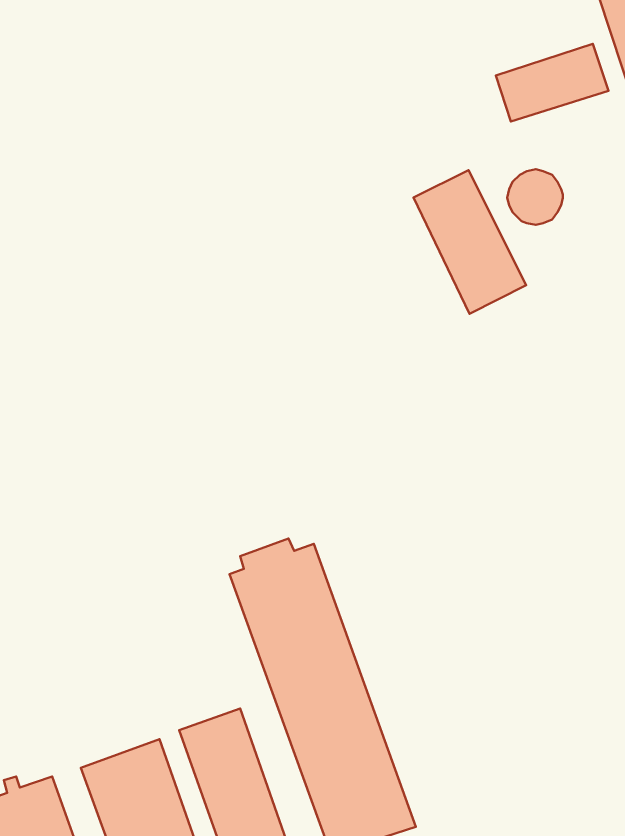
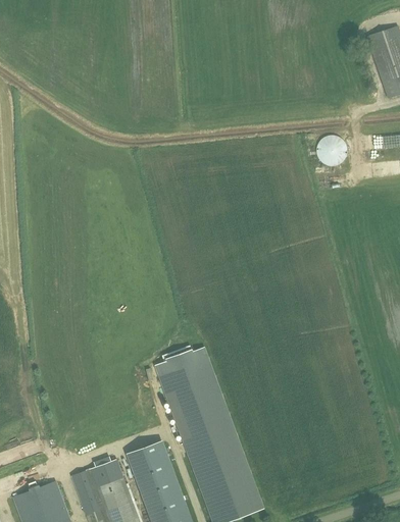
building: [496,44,609,121] -> none
building: [413,170,526,314] -> none

